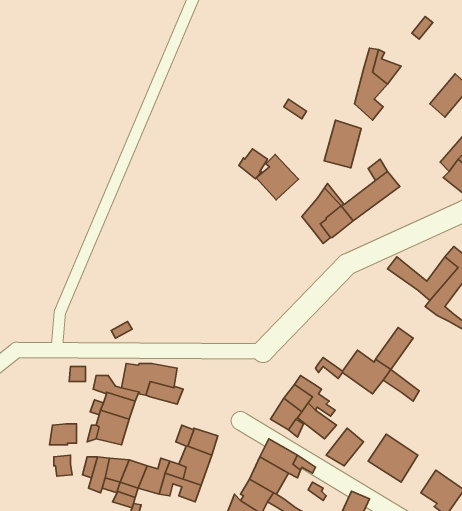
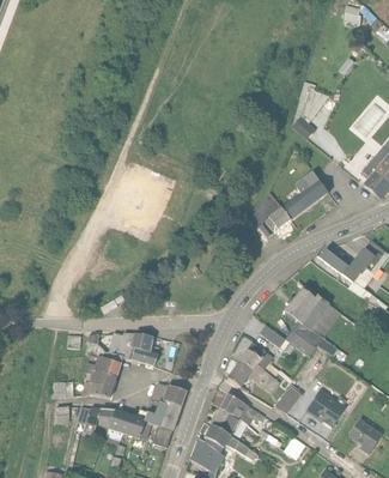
building: [324,120,361,168] -> none
building: [256,154,299,200] -> none
building: none -> [282,288,329,331]

